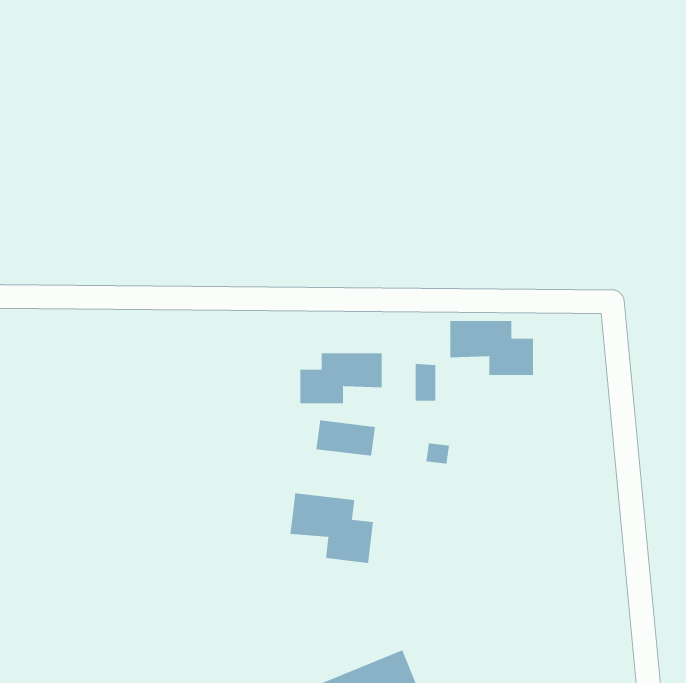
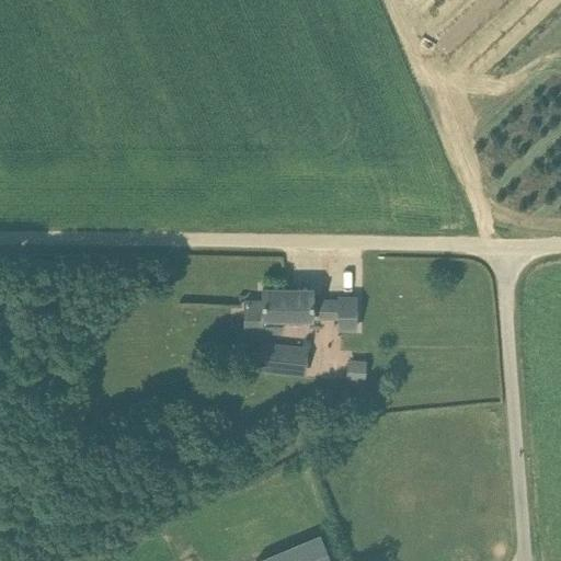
building: [450,320,533,376] -> none
building: [290,492,374,564] -> none

